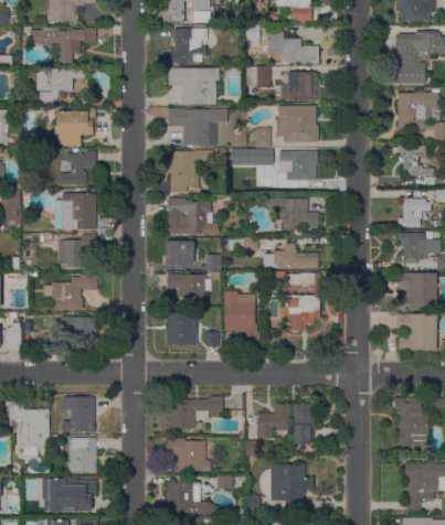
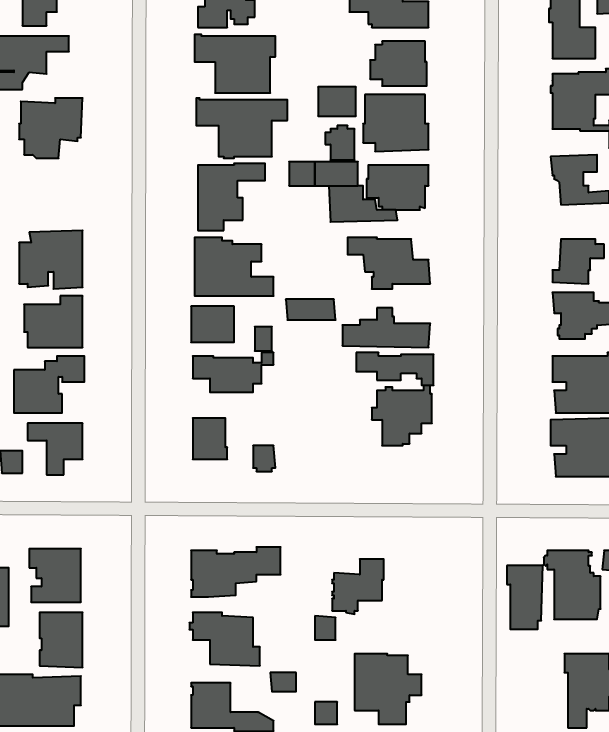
building: [246,67,271,86] -> [318,87,356,116]
building: [60,151,96,184] -> none
building: [223,290,258,342] -> none
building: [292,404,315,444] -> [507,566,543,629]

